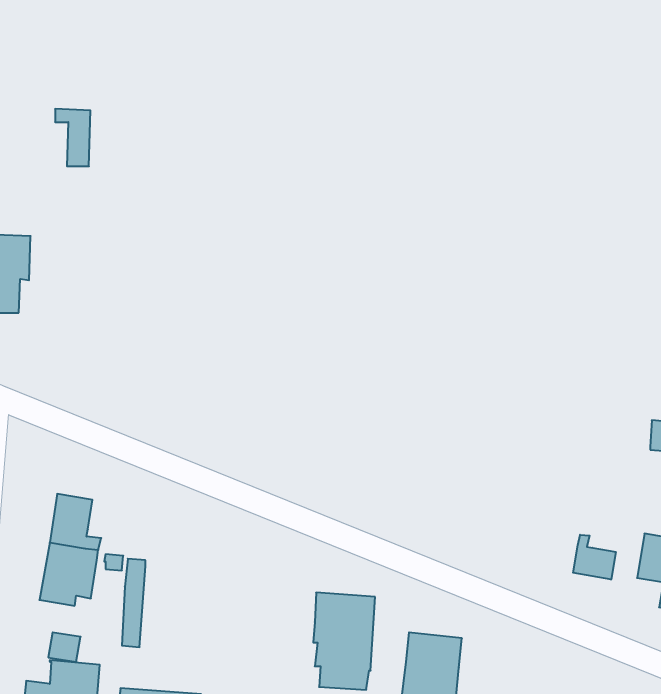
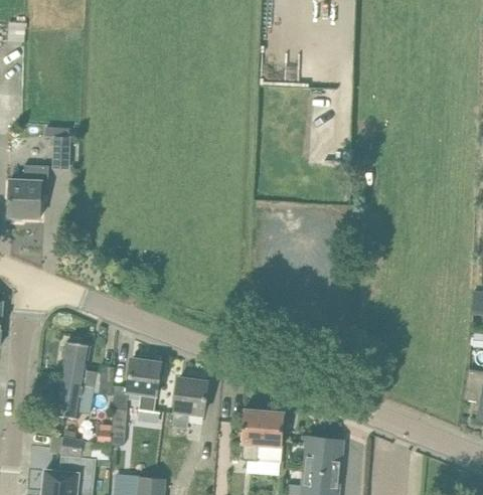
building: [55,109,90,166] -> [45,129,69,168]
building: none -> [127,359,160,411]
building: [573,535,616,580] -> none
building: none -> [172,378,207,429]

